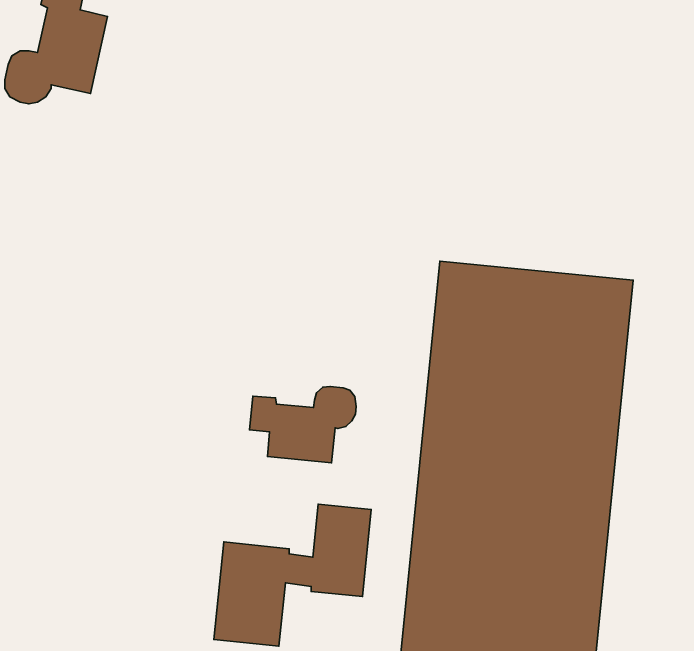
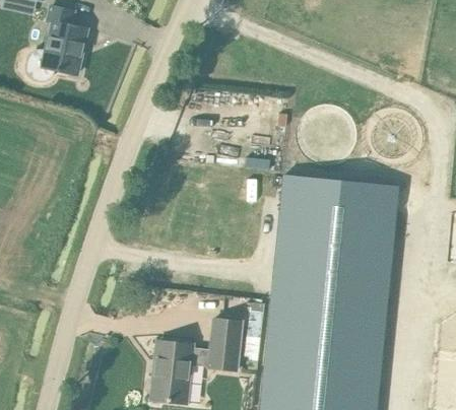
building: [250,387,356,463] -> none

